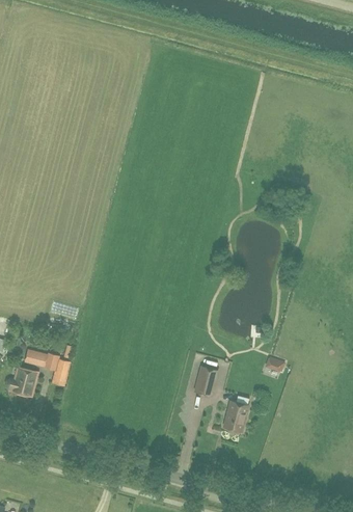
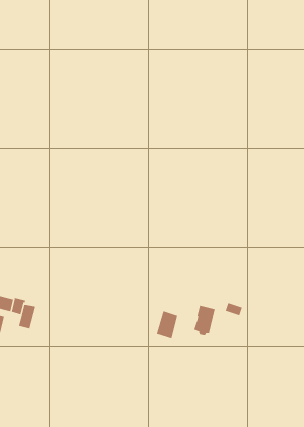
building: [223,401,247,433] -> [193,305,216,336]

